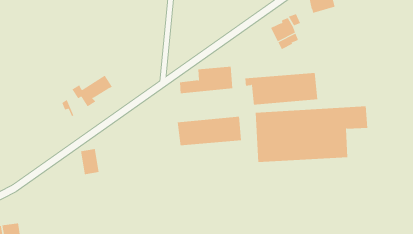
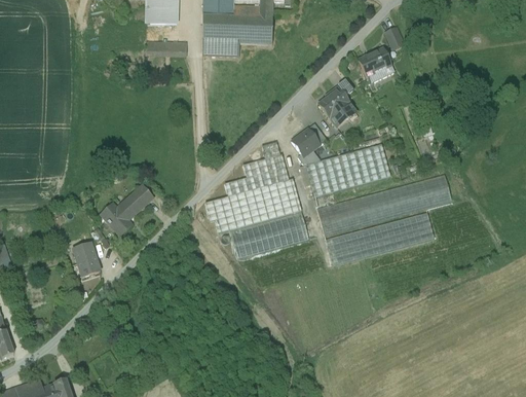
building: none -> [292,129,321,156]
building: none -> [204,178,301,233]
building: [80,149,100,175] -> [73,244,100,277]

